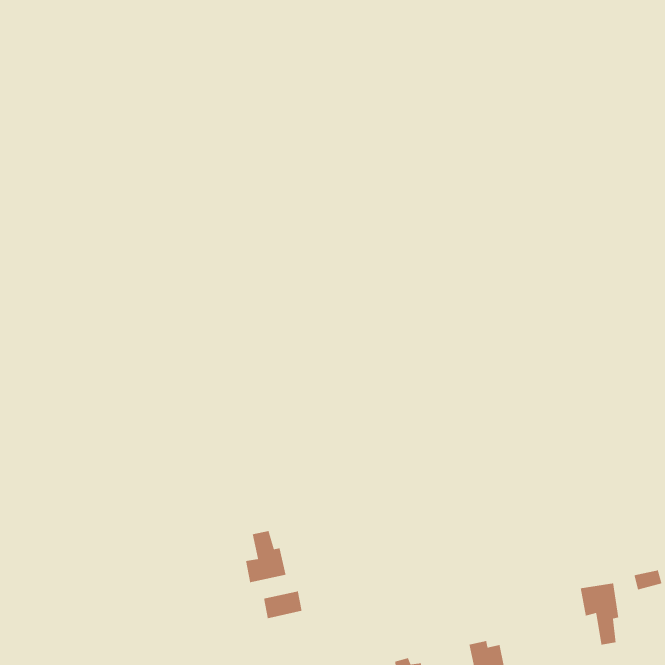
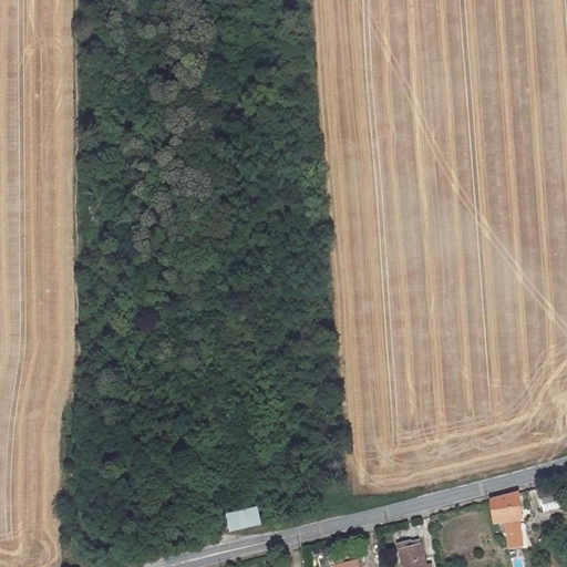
building: [245,530,287,583] -> none

